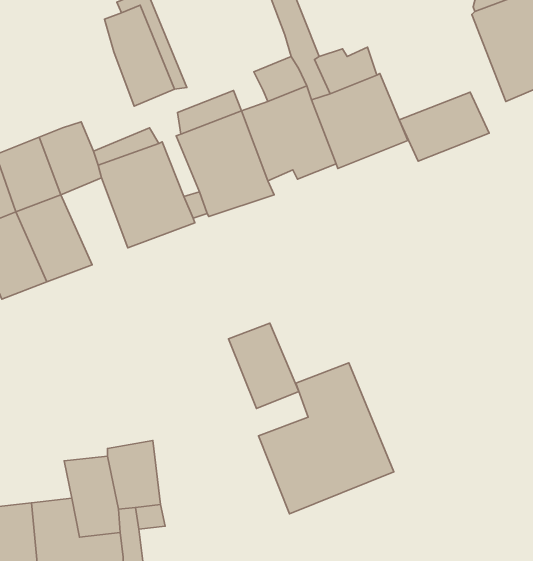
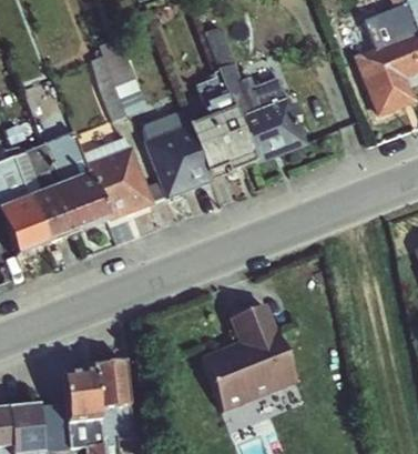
building: [399,92,489,161] -> none
building: none -> [60,171,109,233]
building: [228,323,299,409] -> none

